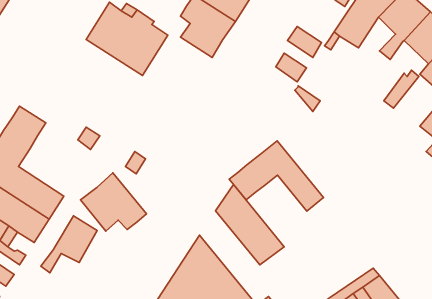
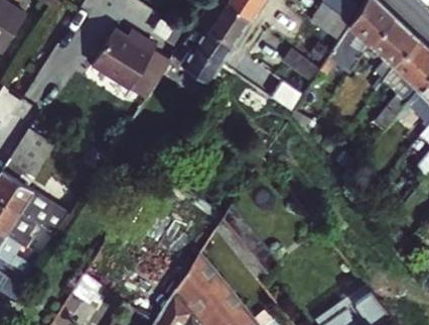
building: [229,141,324,211] -> none
building: [80,173,146,231] -> none
building: [41,216,97,273] -> none

